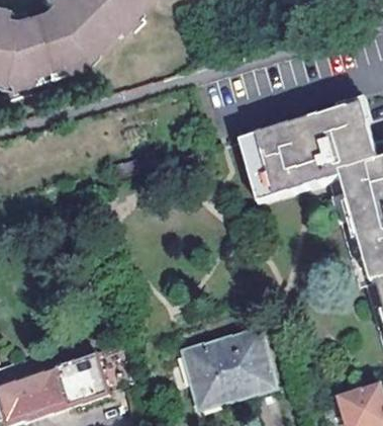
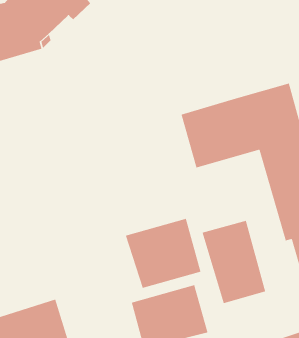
building: none -> [125,218,201,289]
building: none -> [202,220,266,304]

